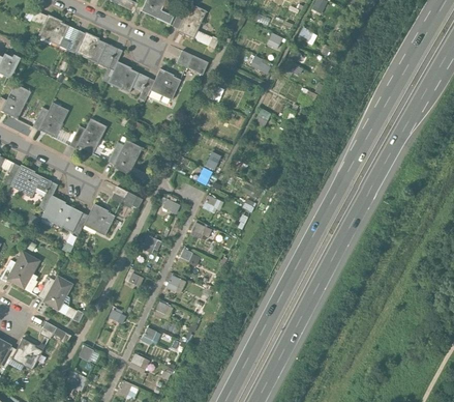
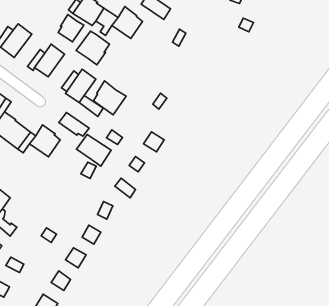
building: none -> [58,15,84,42]
building: none -> [76,31,109,65]
building: none -> [94,81,126,115]
building: none -> [76,134,111,166]

